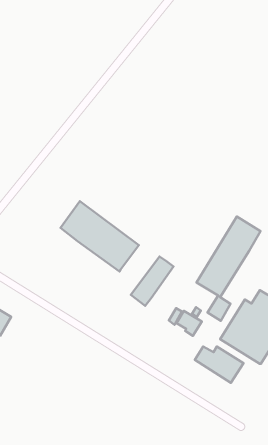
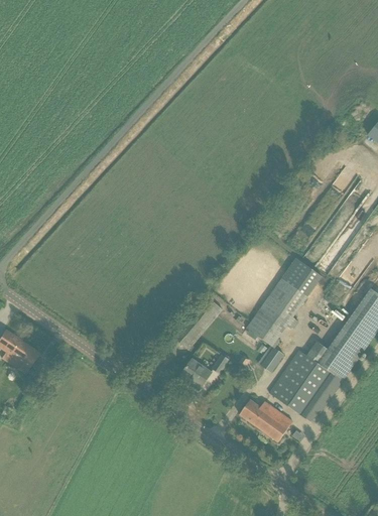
building: [61,201,139,272] -> none
building: [177,311,202,336] -> [181,359,210,387]

